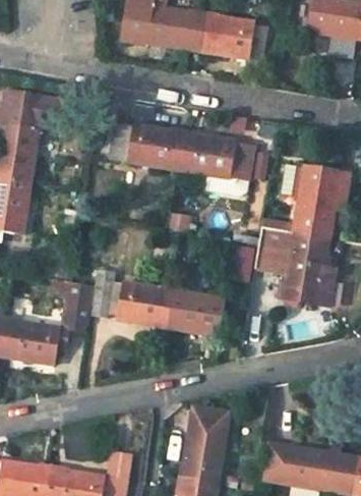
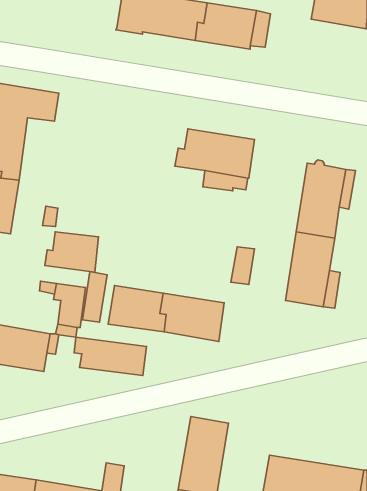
building: [109,121,190,169] -> none
building: [254,226,289,265] -> none
building: none -> [45,232,99,272]
building: none -> [74,337,147,375]

